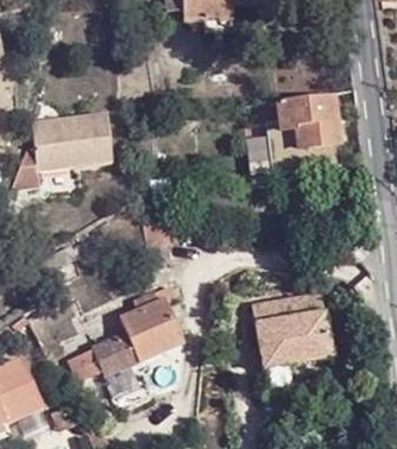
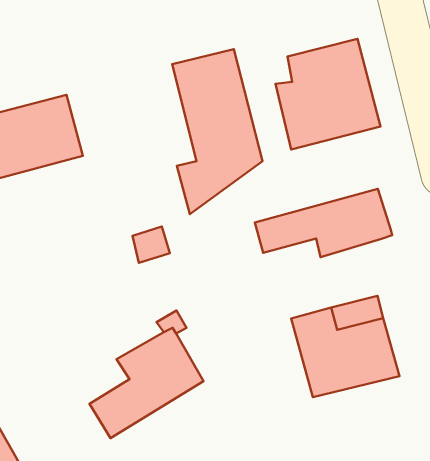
building: none -> [172,49,263,214]
building: none -> [255,189,392,257]

